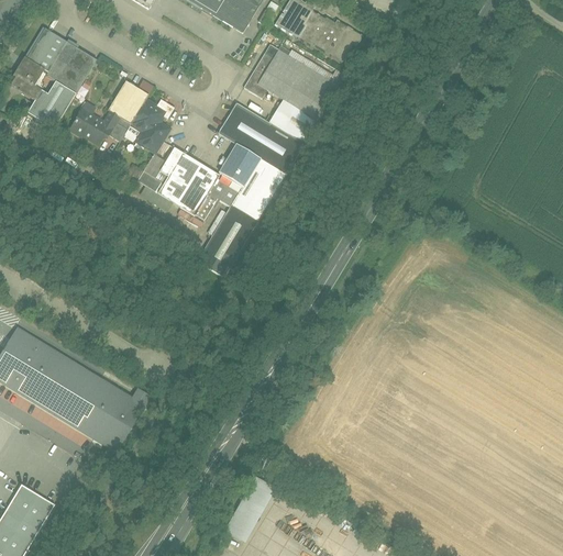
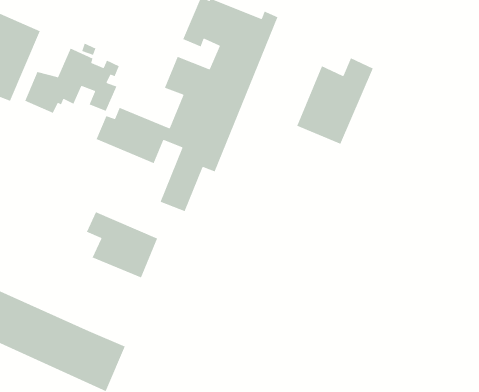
building: none -> [296,57,374,145]
building: none -> [86,211,158,278]

